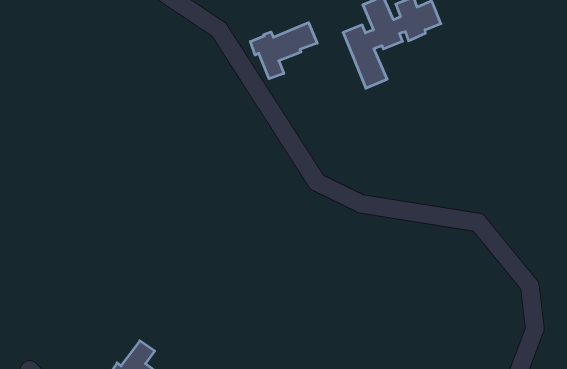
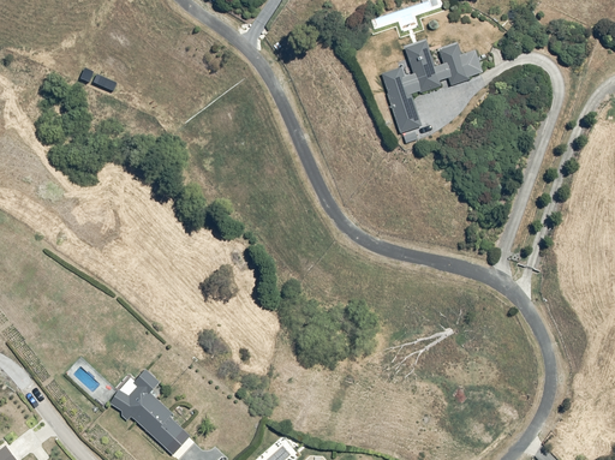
building: [250,23,317,79] -> none

